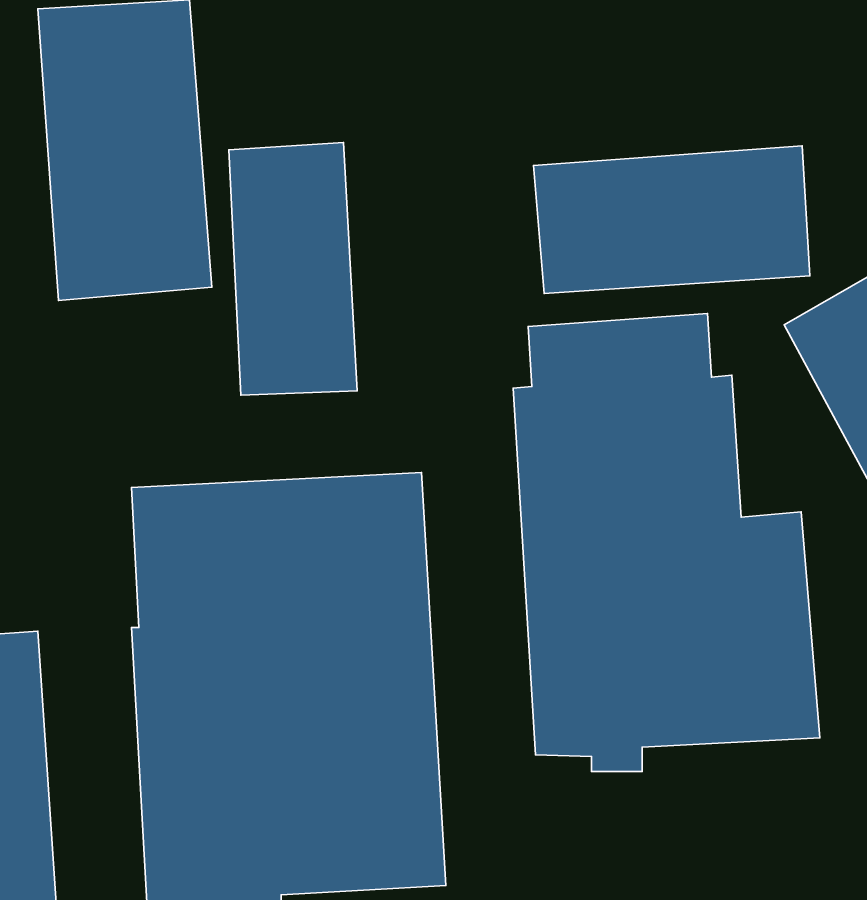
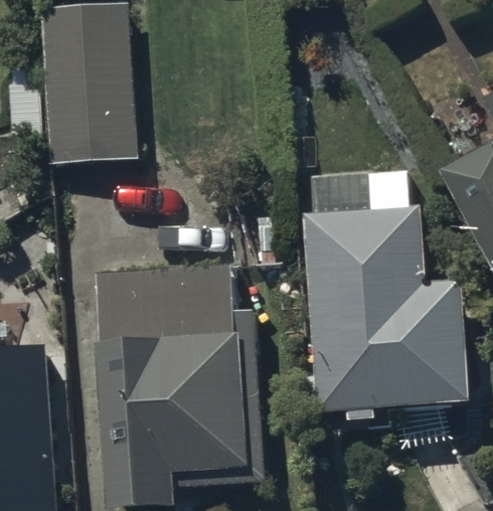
building: [229,142,357,395] -> none
building: [534,146,810,293] -> none

